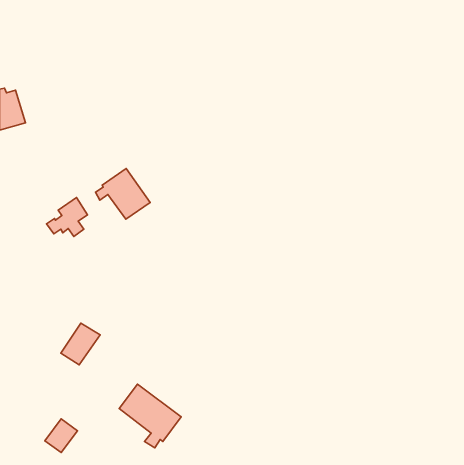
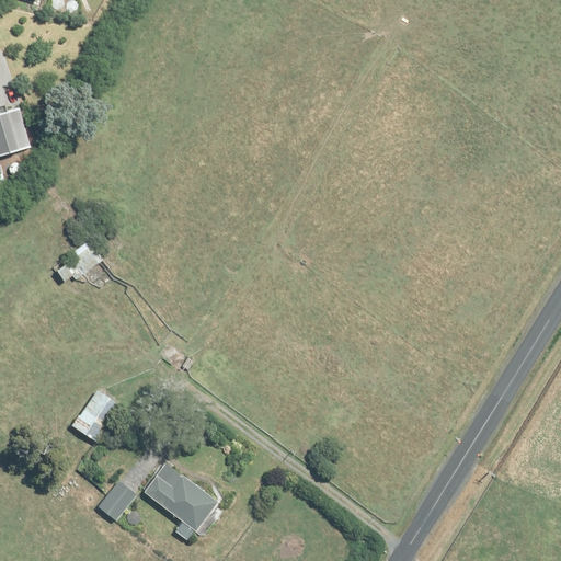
building: [95,168,150,219] -> none
building: [45,419,78,453] -> [98,480,137,520]

